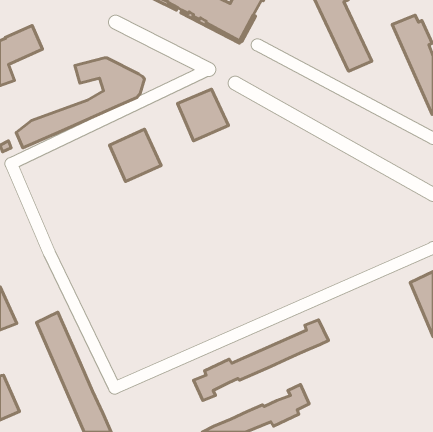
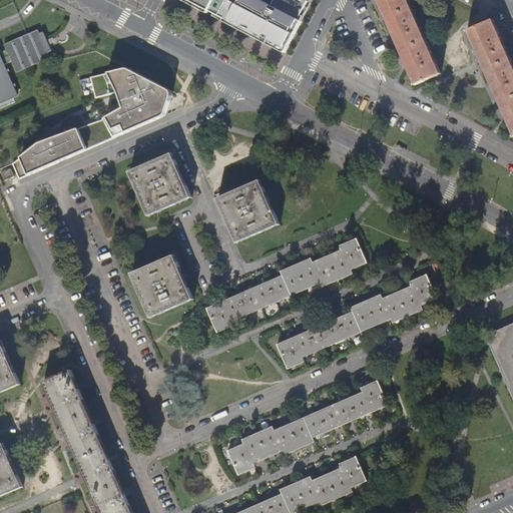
building: [177,89,228,141] -> [217,178,278,239]
building: none -> [205,236,366,331]
building: none -> [131,253,192,316]
building: none -> [277,273,436,366]

